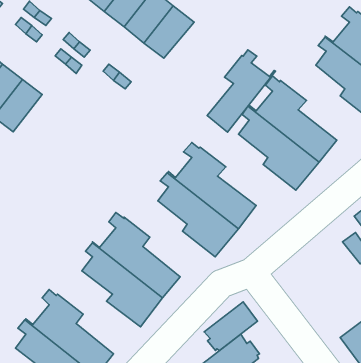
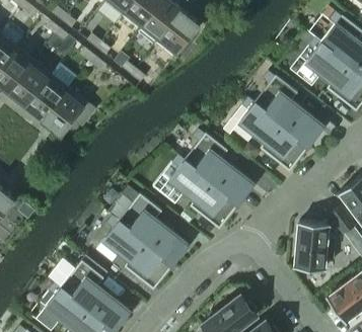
building: [207,50,276,132] -> none
building: none -> [43,88,85,135]
building: none -> [295,223,335,270]
building: [204,302,257,351] -> none

